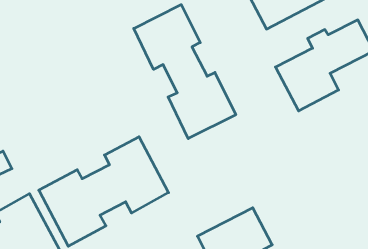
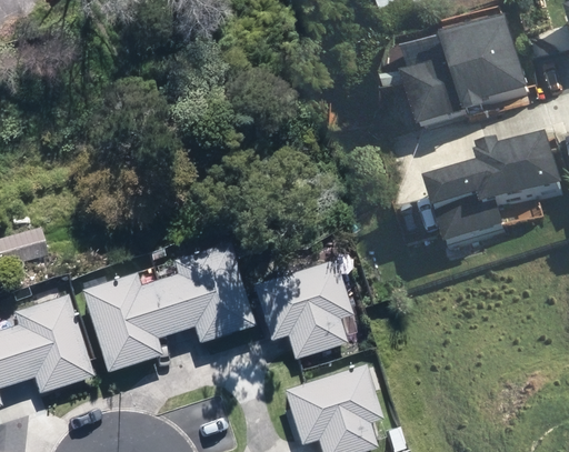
building: [134,5,236,139] -> none
building: none -> [251,259,350,359]

